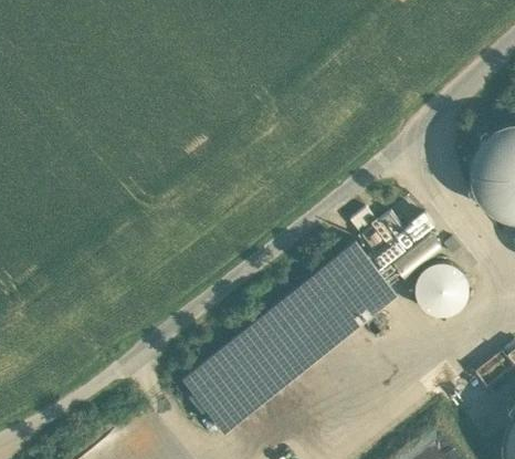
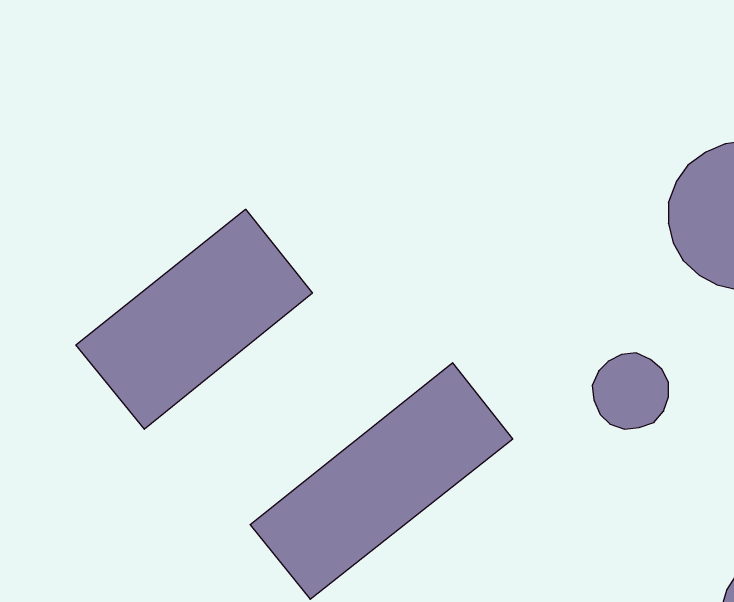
building: none -> [76,209,312,429]
building: [322,243,398,323] -> none

